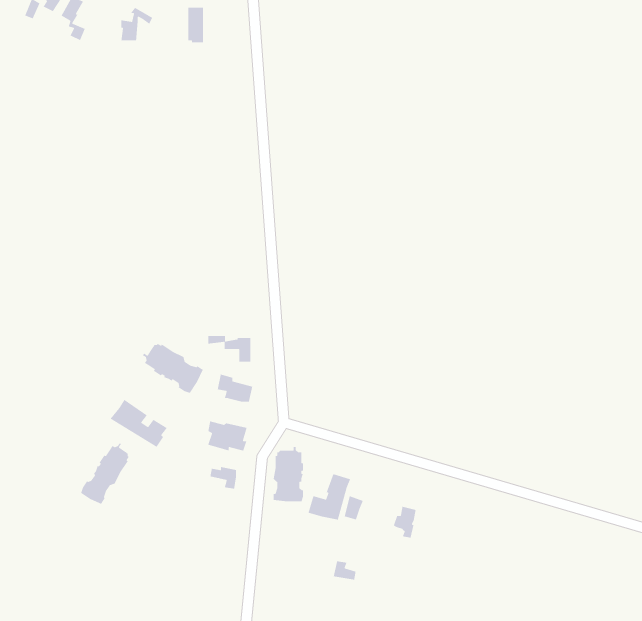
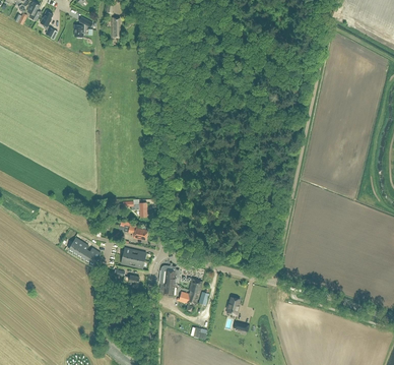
building: [142,343,204,394] -> none
building: [80,442,130,505] -> none

